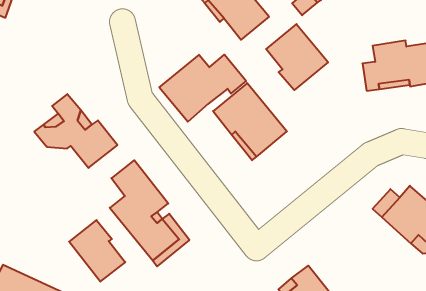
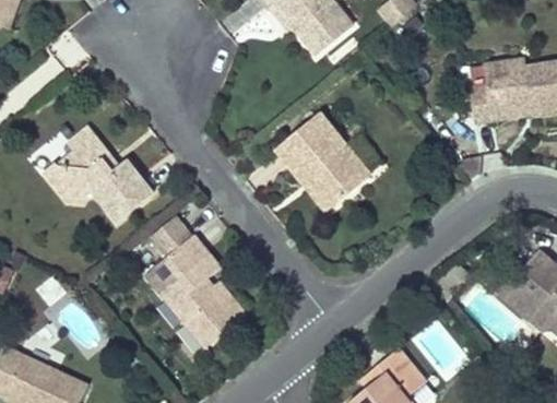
building: [266,24,328,90] -> none
building: [159,55,246,122] -> none
building: [69,220,125,282] -> none

